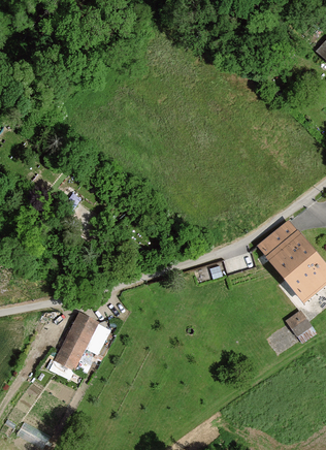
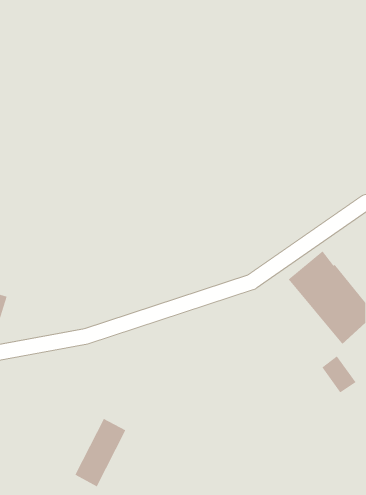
building: [52,311,96,369] -> [74,418,126,487]

